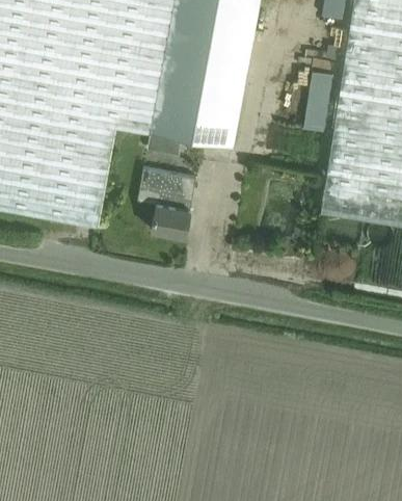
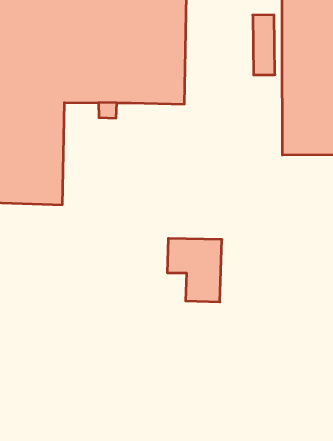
building: [137,165,195,235] -> [167,238,222,302]

